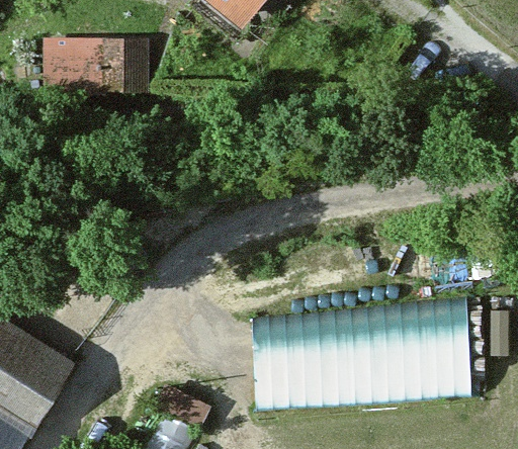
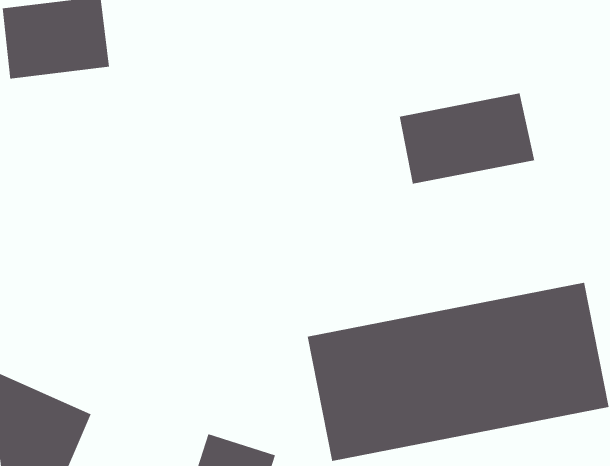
building: none -> [399,92,535,185]

